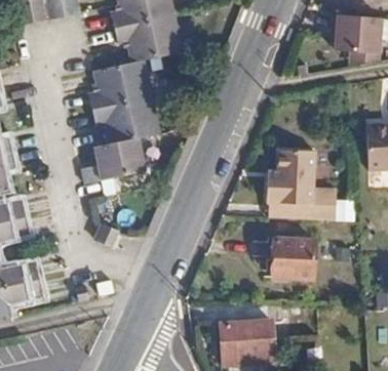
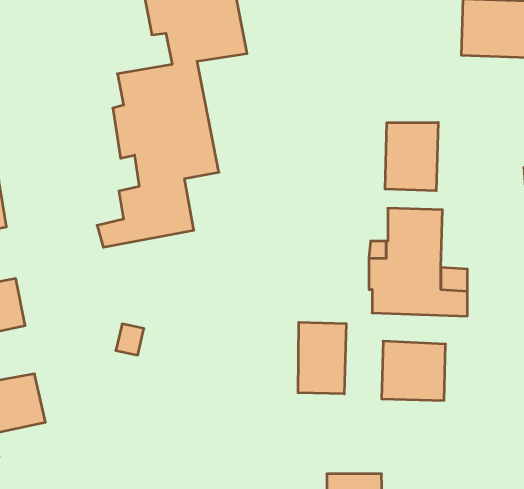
building: none -> [385,122,438,191]
building: none -> [298,322,346,394]

